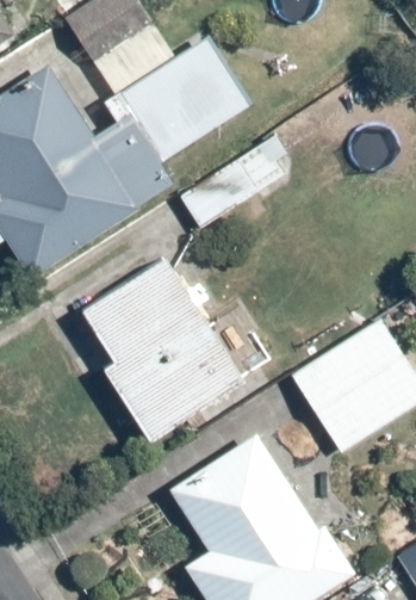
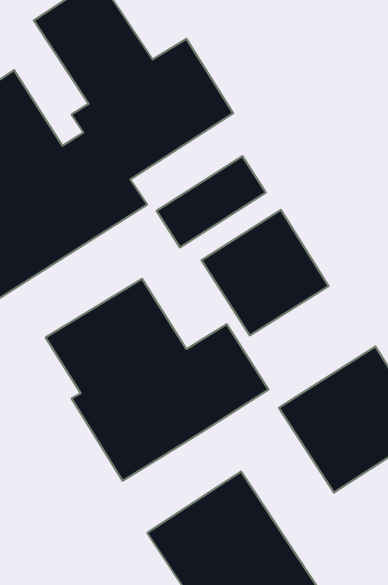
building: none -> [202,210,329,336]

